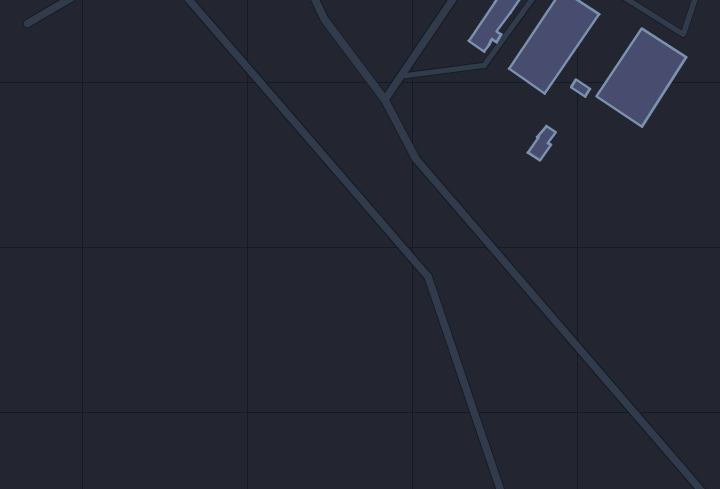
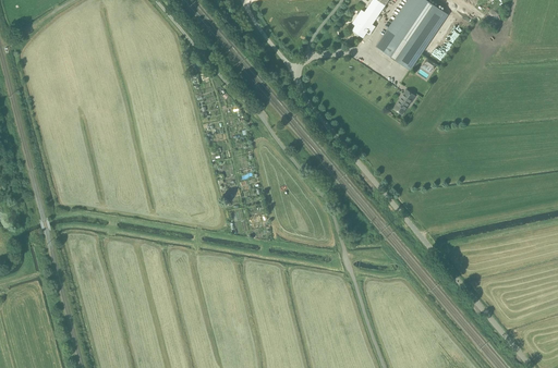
building: [597,29,686,127] -> none

